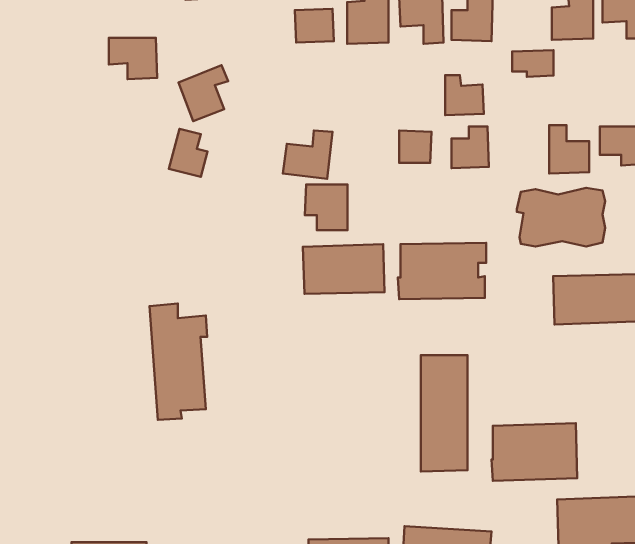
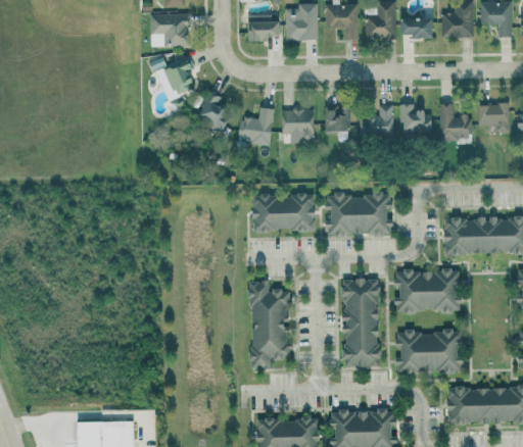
building: [109,38,157,79] -> [151,14,188,46]
building: [512,50,554,77] -> [399,17,431,38]
building: [445,75,484,115] -> [401,104,431,135]
building: [169,129,207,177] -> [198,92,228,129]
building: [305,185,348,230] -> [282,109,315,144]
building: [517,188,605,247] -> [393,268,461,313]
building: [150,303,207,420] -> [247,280,291,368]

